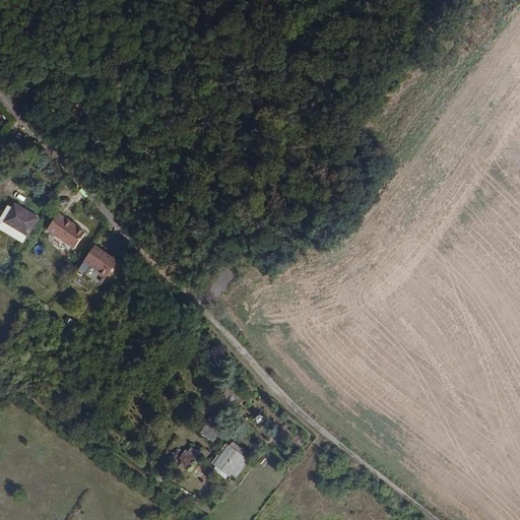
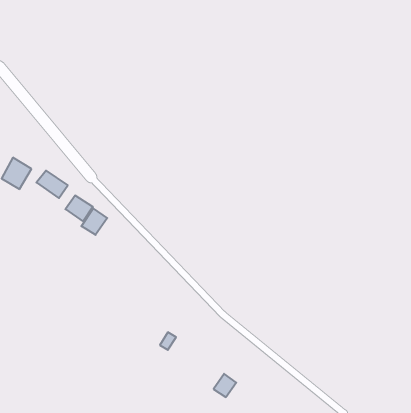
building: none -> [81,209,107,235]
building: [214,446,243,475] -> [214,374,236,397]

